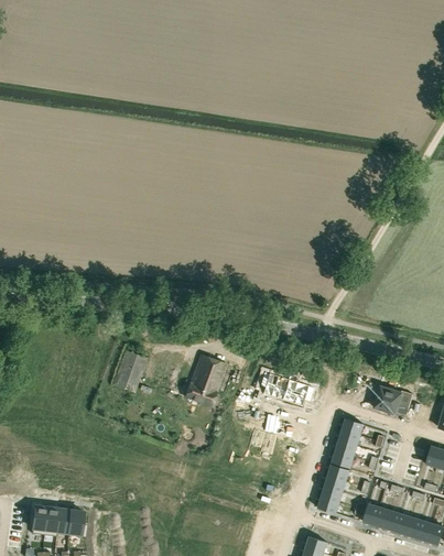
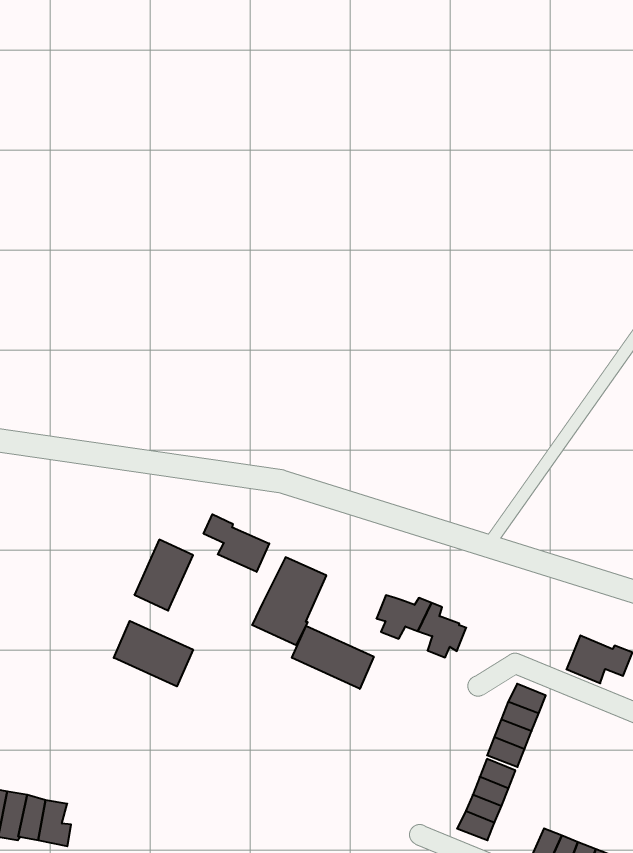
building: none -> [204,514,269,572]
building: none -> [292,626,374,689]
building: none -> [114,621,193,686]

